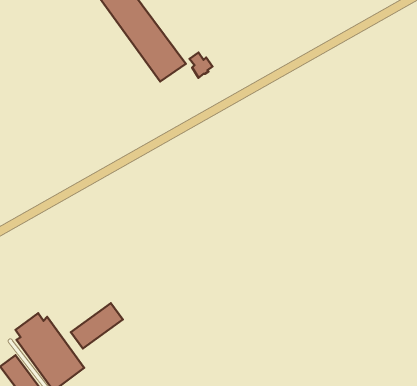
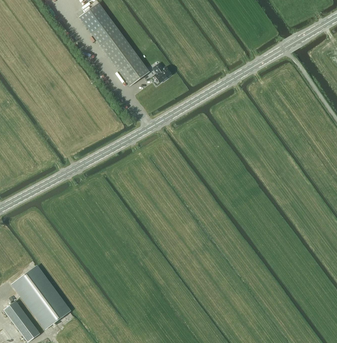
building: [71,303,123,348] -> none

